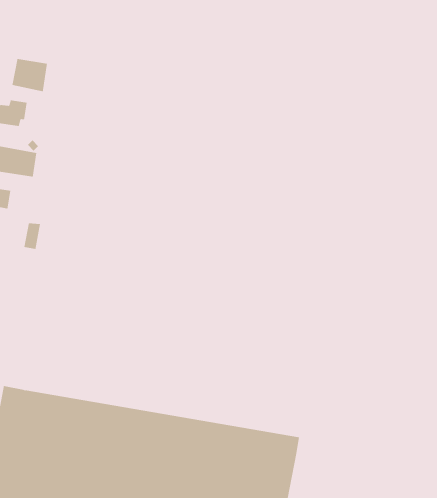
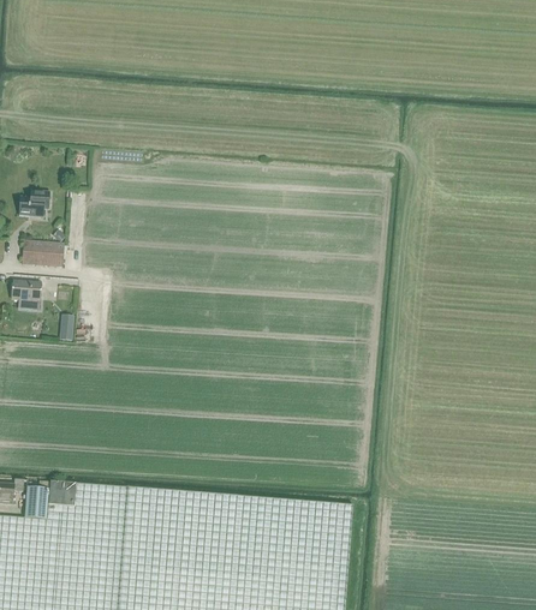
building: [12,58,48,92] -> none

